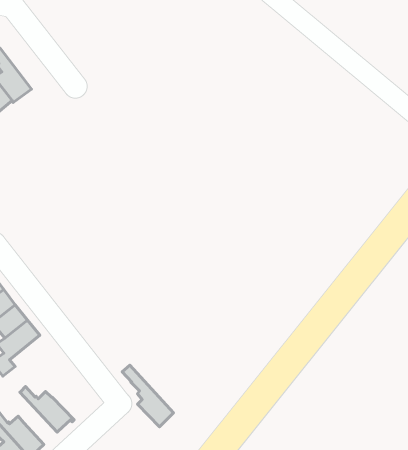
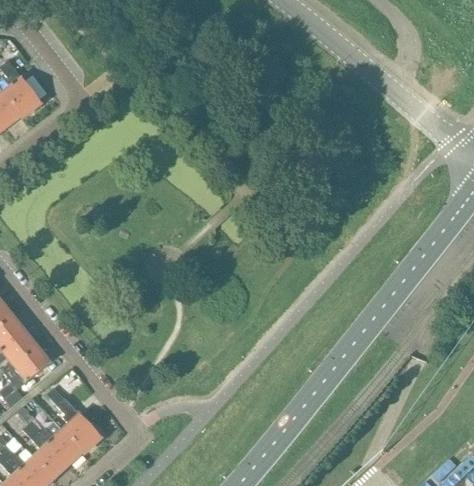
building: [122,365,174,427] -> [46,387,100,452]
building: none -> [22,423,67,478]

